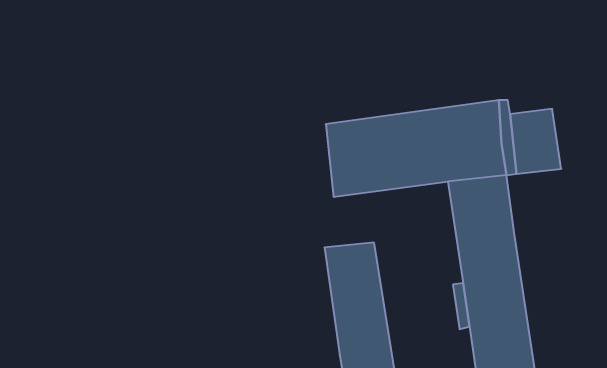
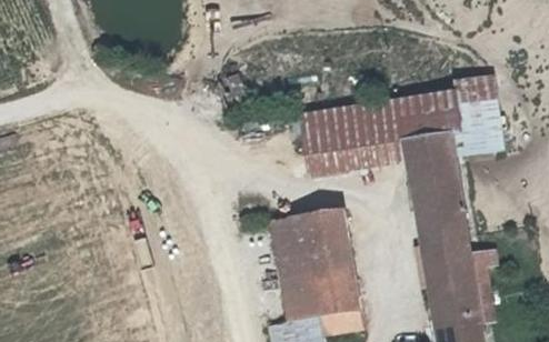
building: none -> [270,219,315,318]

